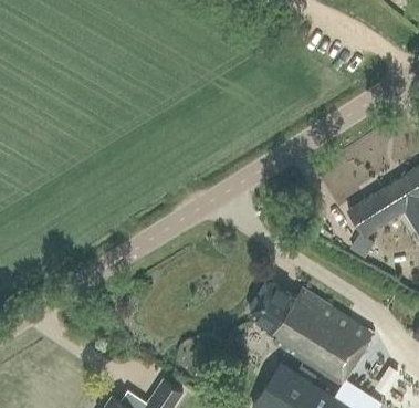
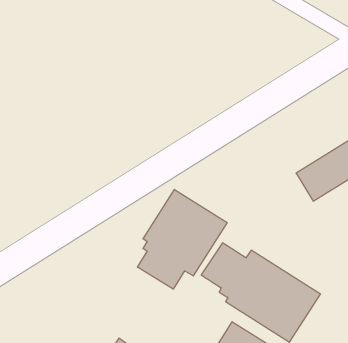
building: none -> [137,189,227,289]

